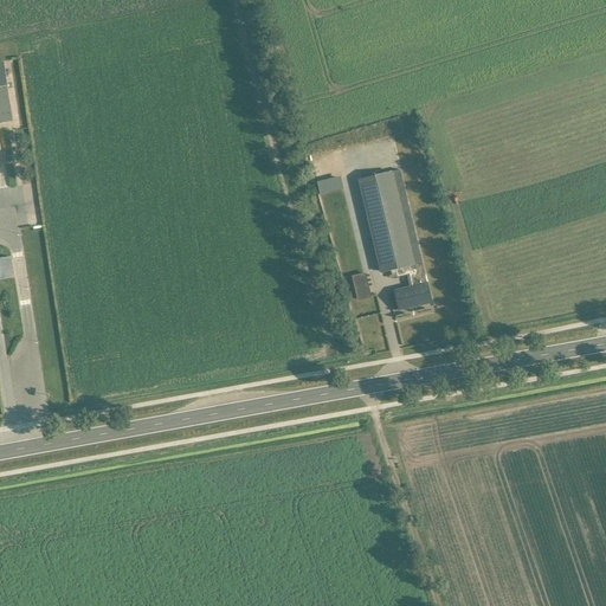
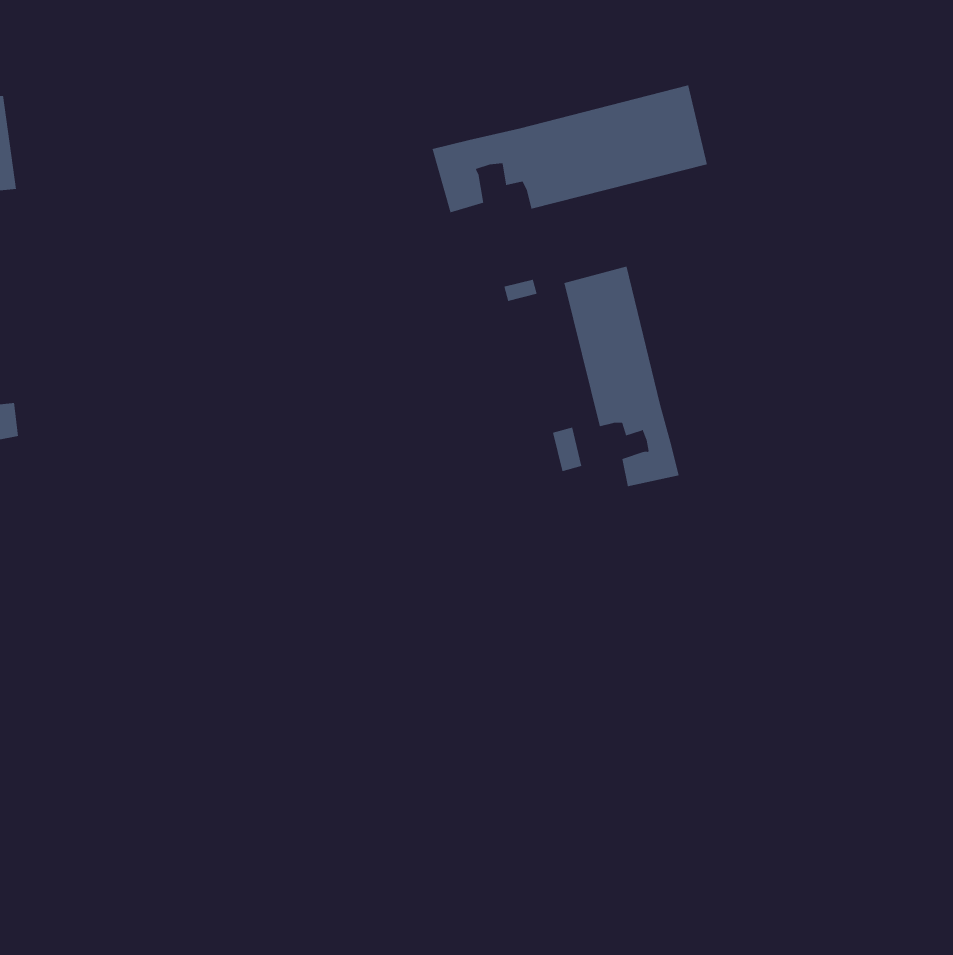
building: none -> [432,84,707,213]

